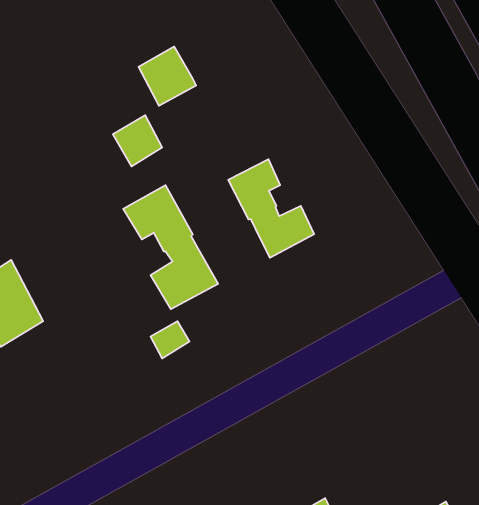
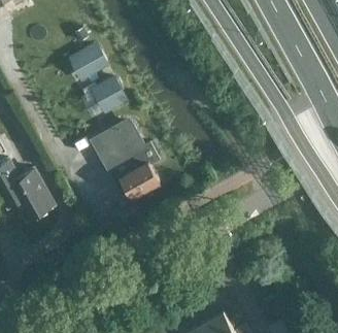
building: [138,46,196,106] -> [75,42,110,78]
building: [228,159,314,258] -> none

